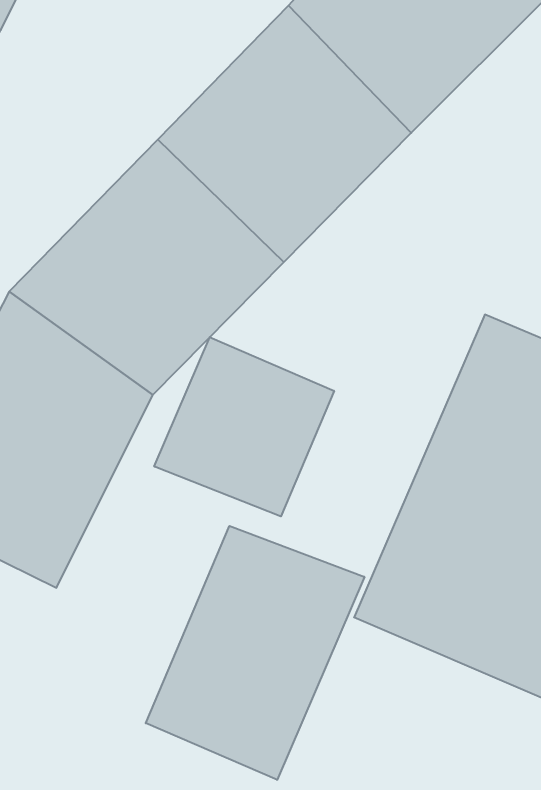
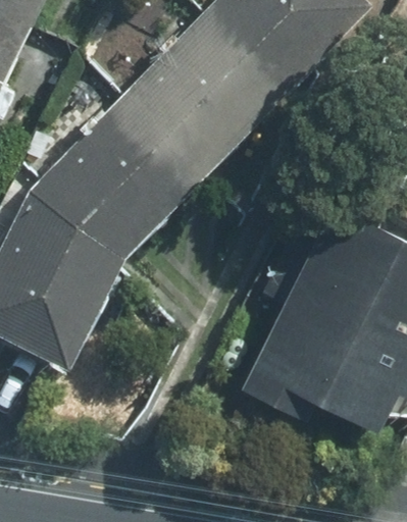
building: [154,337,334,516] -> none
building: [146,526,364,780] -> none

